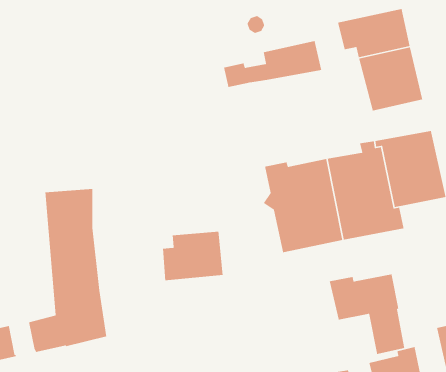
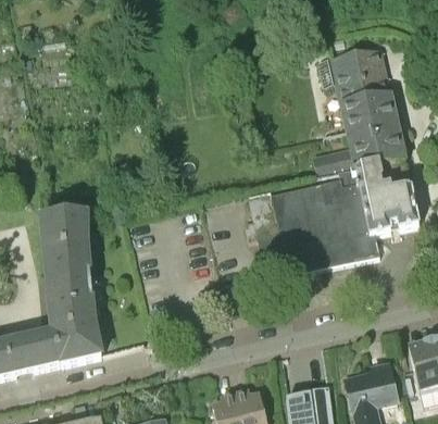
building: [223,40,322,88] -> [312,133,404,177]
building: [162,231,223,281] -> none
building: [329,273,405,355] -> none

